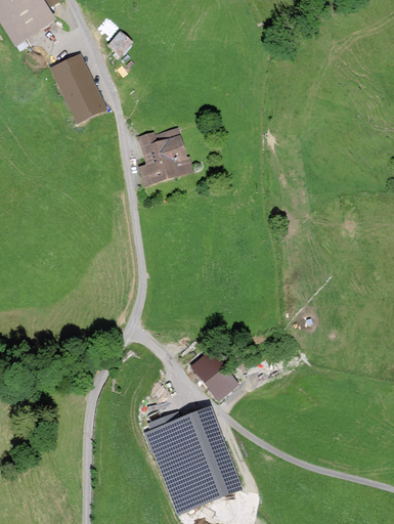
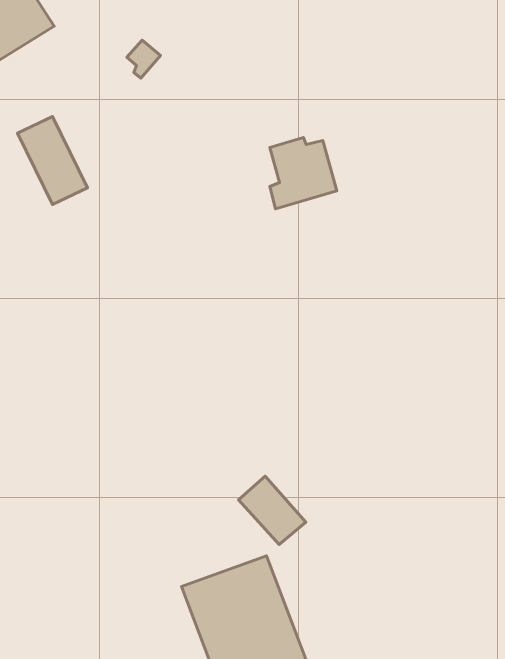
building: [52,56,103,121] -> [18,116,87,204]
building: [140,129,189,181] -> [270,138,337,209]

